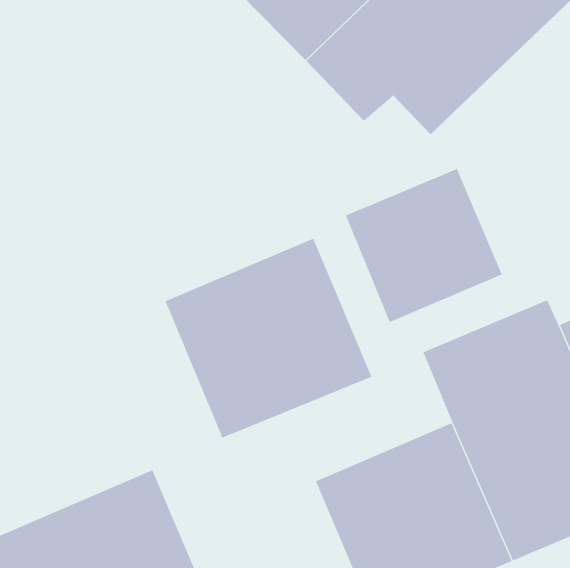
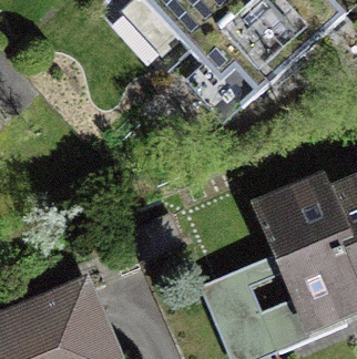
building: [345,168,503,323] -> none
building: [165,238,372,439] -> none

